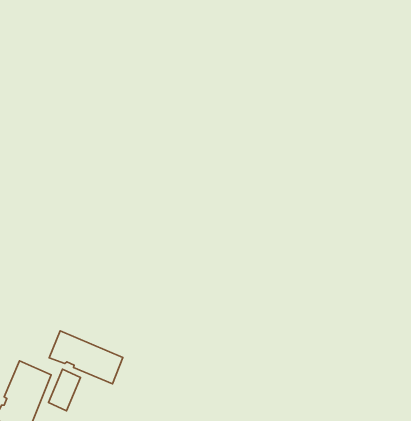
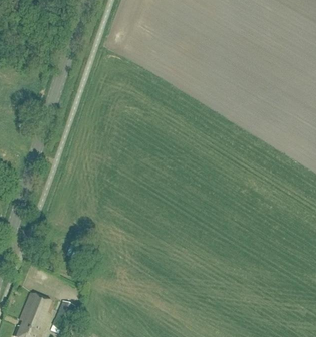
building: [49,331,123,384] -> none

